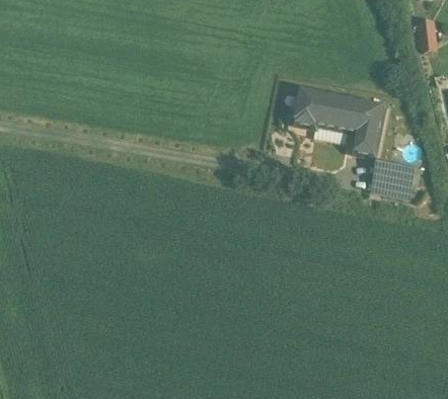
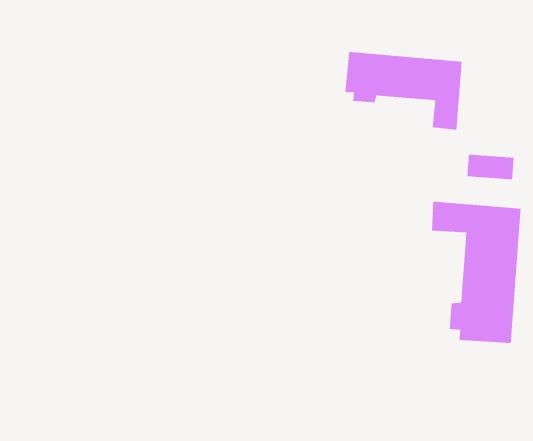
building: none -> [432,201,521,344]

